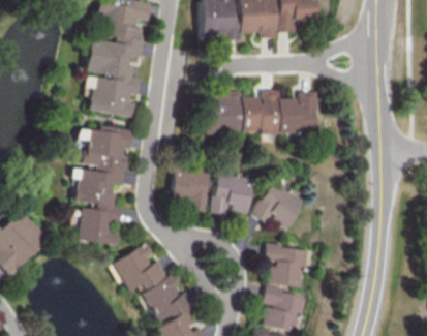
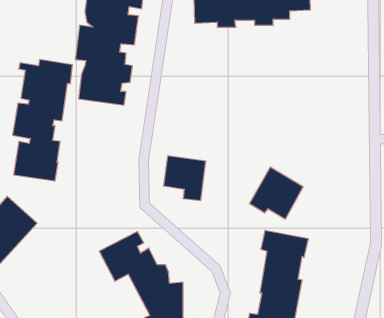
building: [205,90,321,134] -> none
building: [71,125,131,246] -> [13,60,73,181]
building: [215,171,258,215] -> none

